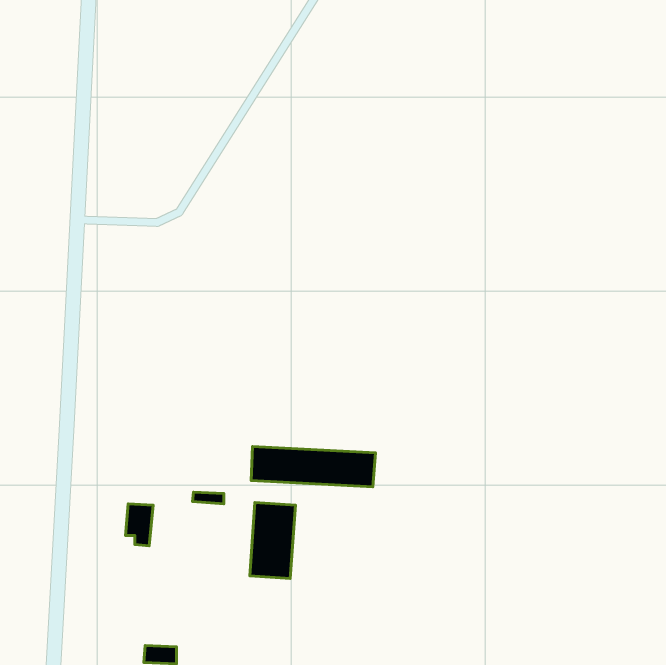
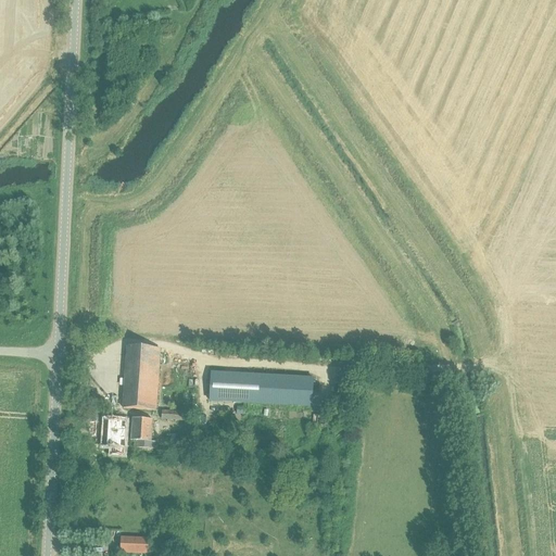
building: none -> [129,416,151,446]
building: [250,503,295,579] -> [121,344,159,407]

